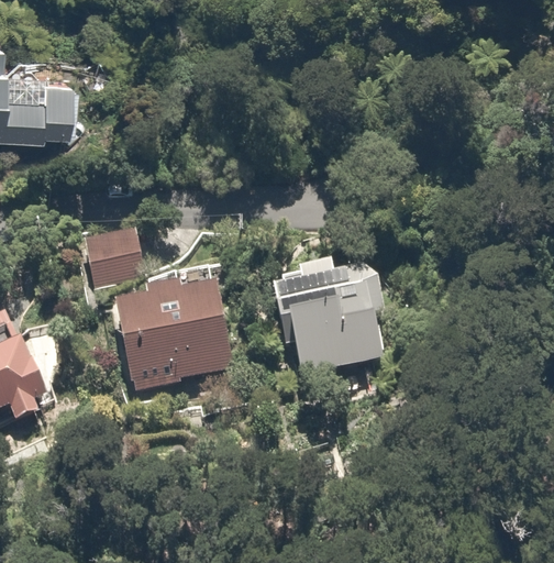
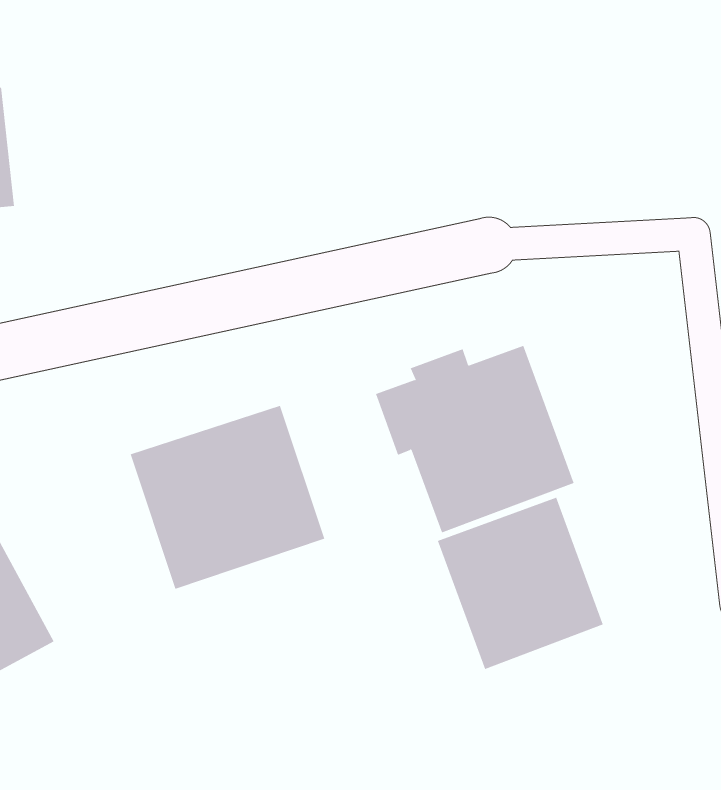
building: [84,233,141,282] -> none
building: none -> [437,497,603,670]

